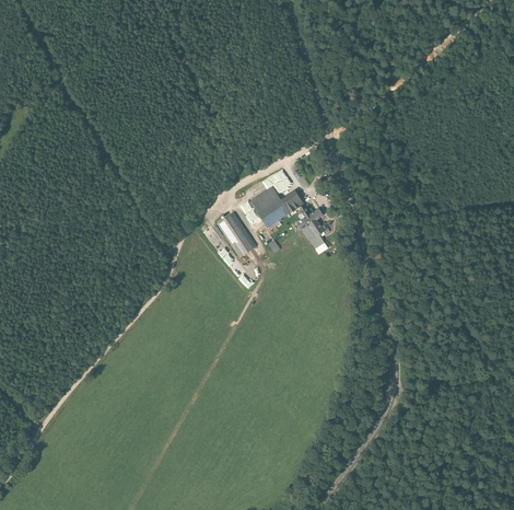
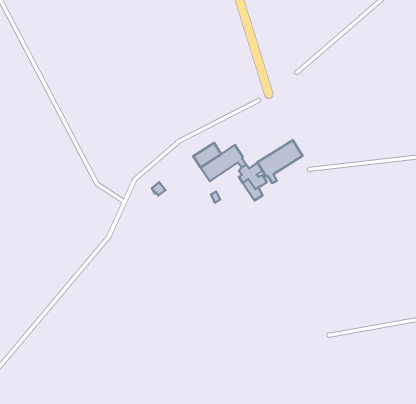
building: none -> [257,140,302,183]
building: [217,211,255,255] -> none

